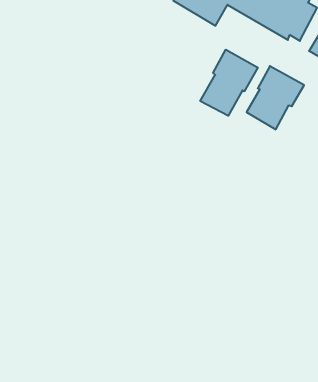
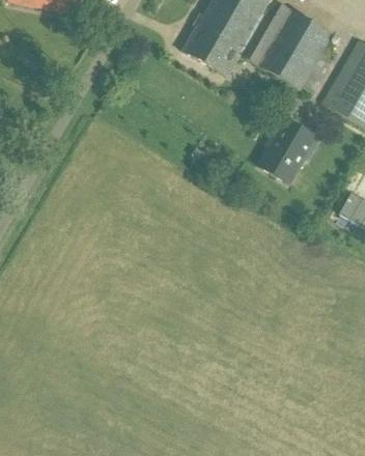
building: [200,50,258,116] -> none

